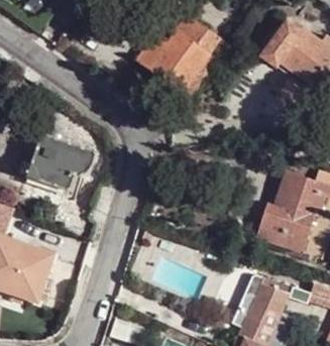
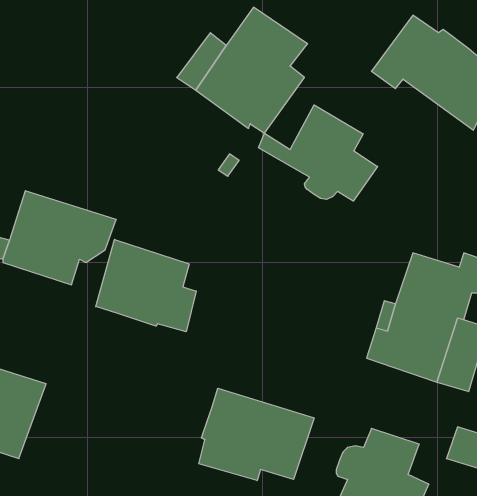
building: none -> [259,105,378,201]
building: none -> [96,239,196,332]
building: none -> [199,388,314,481]

